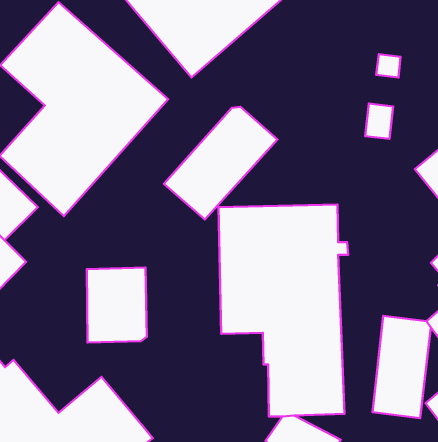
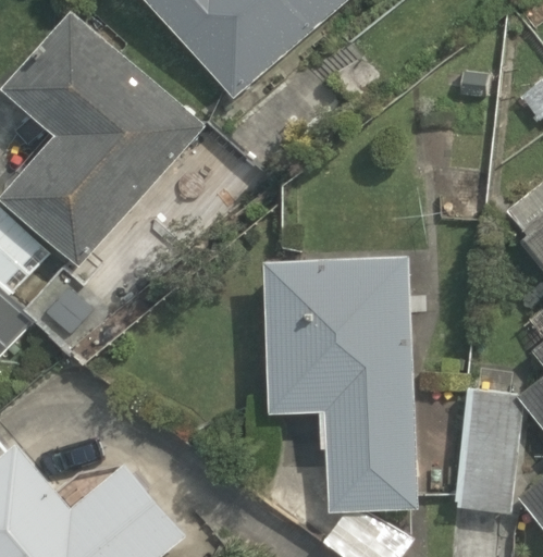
building: [164,107,277,220] -> none
building: [87,268,147,342] -> none

